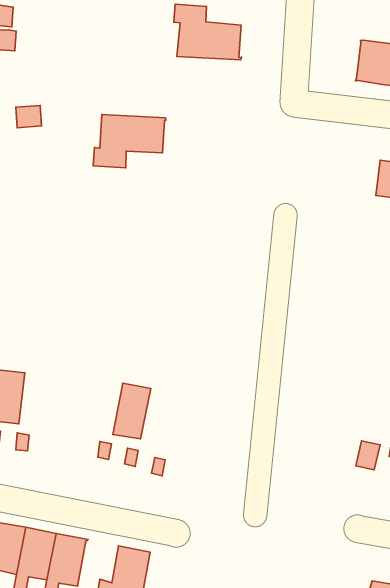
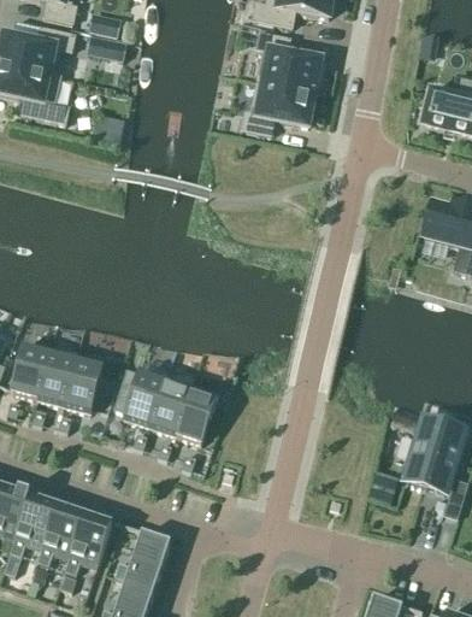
building: [93,114,166,168] -> [241,80,314,133]
building: none -> [63,357,99,411]
building: none -> [124,370,165,425]
building: none -> [175,387,216,442]

